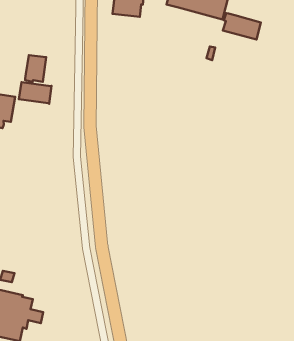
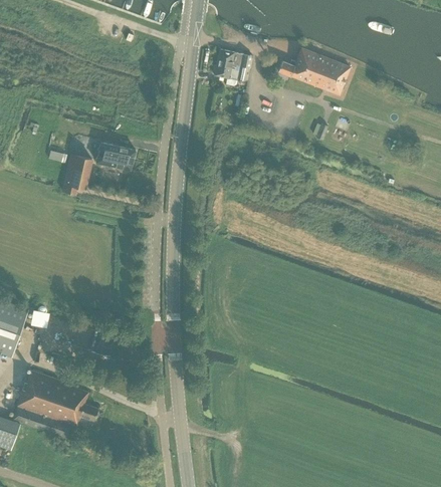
building: [223,13,261,40] -> none
building: [25,55,46,82] -> none

